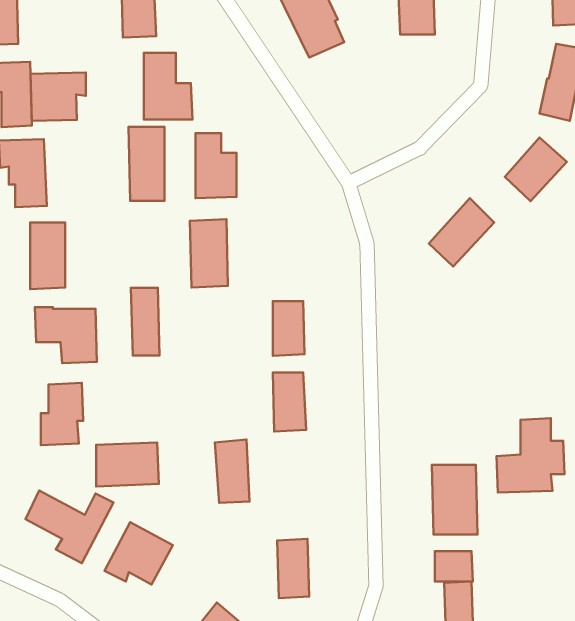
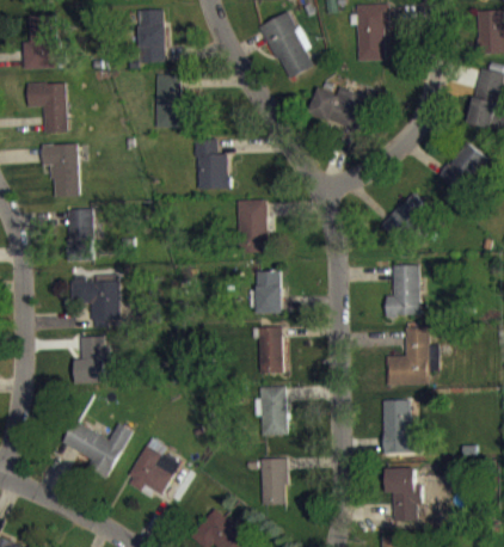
building: none -> [307,87,369,131]
building: [30,72,86,121] -> none
building: [129,127,164,201] -> none
building: [190,219,228,287] -> [236,199,266,253]
building: [131,288,160,356] -> none
building: none -> [385,265,419,318]
building: [496,418,565,492] -> [385,327,438,386]
building: [215,439,250,503] -> [259,386,287,436]
building: [96,442,159,486] -> none

